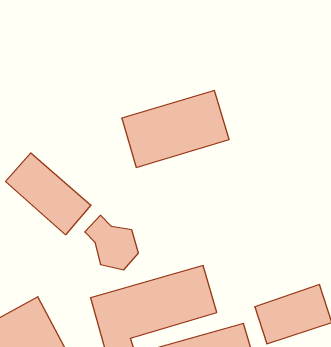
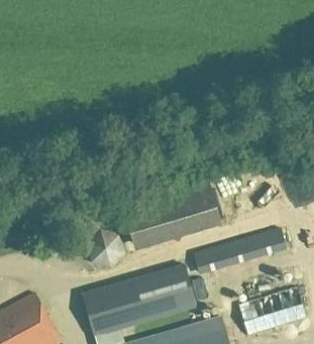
building: [122,90,229,167] -> [124,180,221,249]
building: [6,153,91,235] -> none
building: none -> [194,228,288,272]

